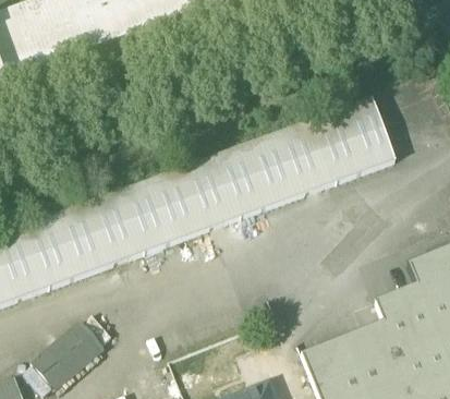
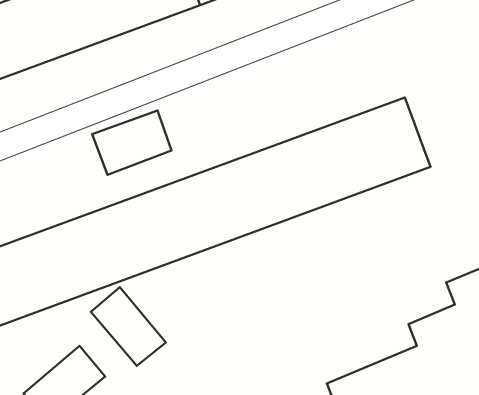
building: none -> [92,111,171,175]
building: none -> [91,287,166,366]

